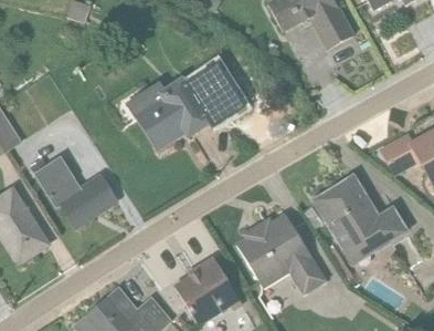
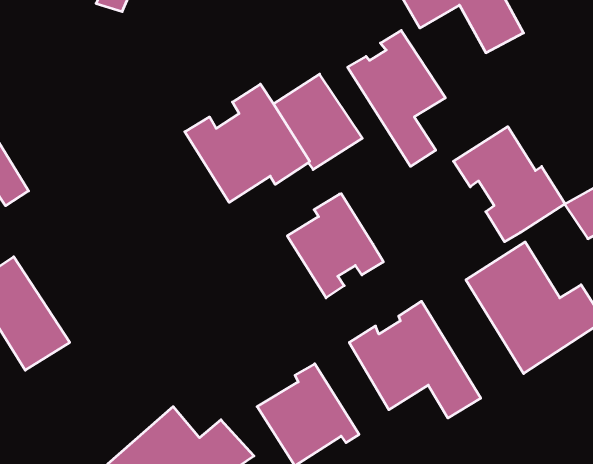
building: none -> [348,30,445,166]
building: none -> [453,127,565,242]
building: none -> [287,194,383,298]
building: [28,155,117,224] -> none

